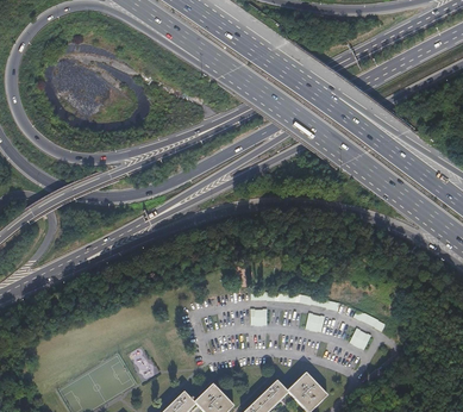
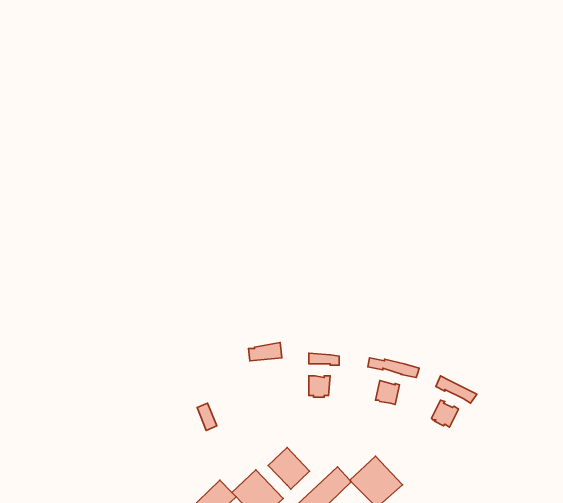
building: none -> [268,447,310,489]

